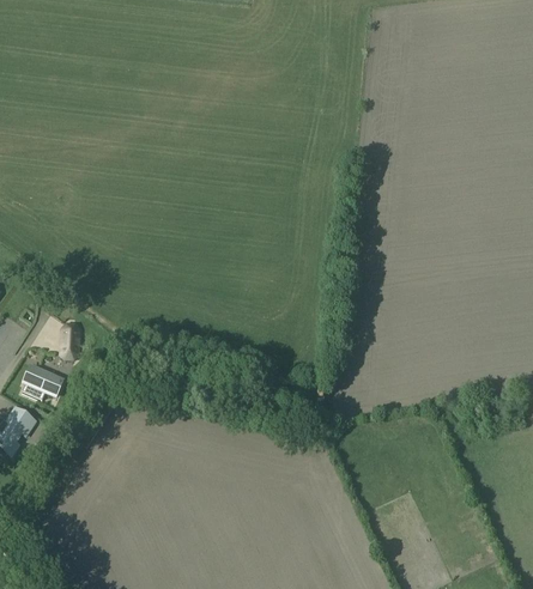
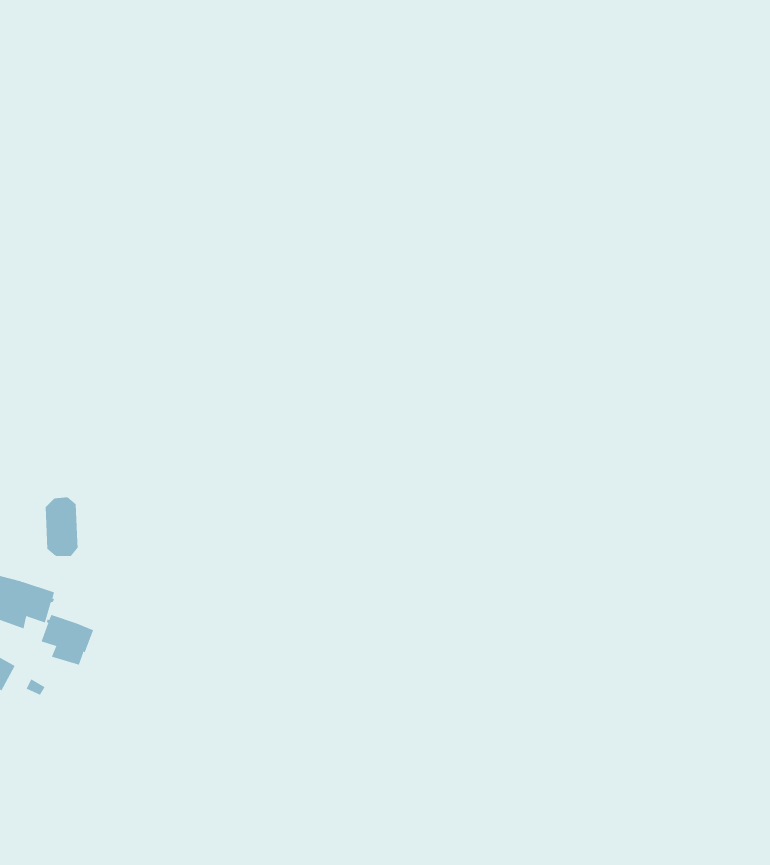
building: none -> [41,614,94,666]

